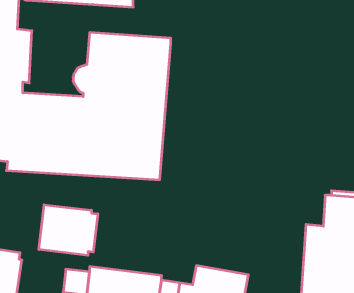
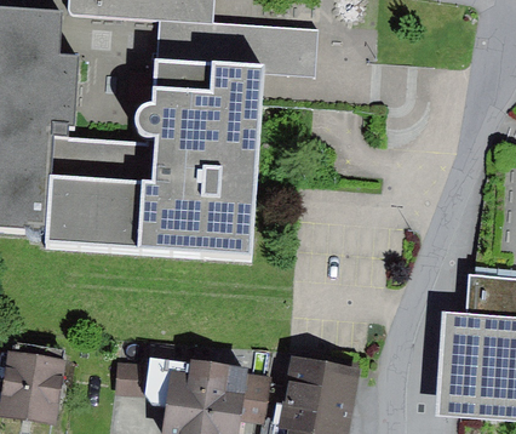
building: none -> [157,19,319,75]
building: [39,205,98,255] -> none

